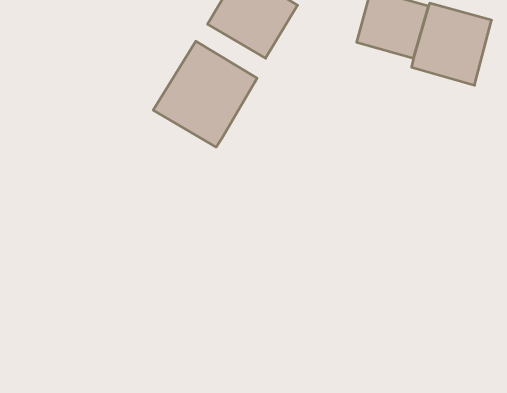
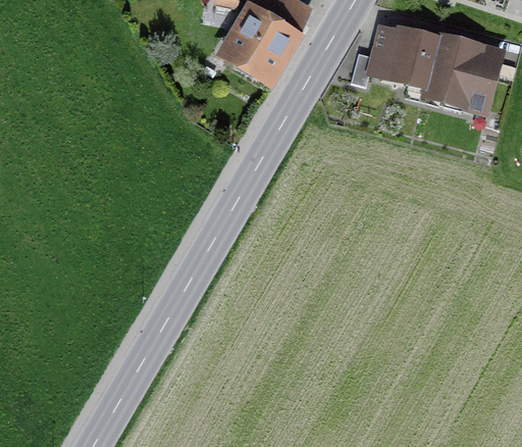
building: [153,41,257,147] -> none

